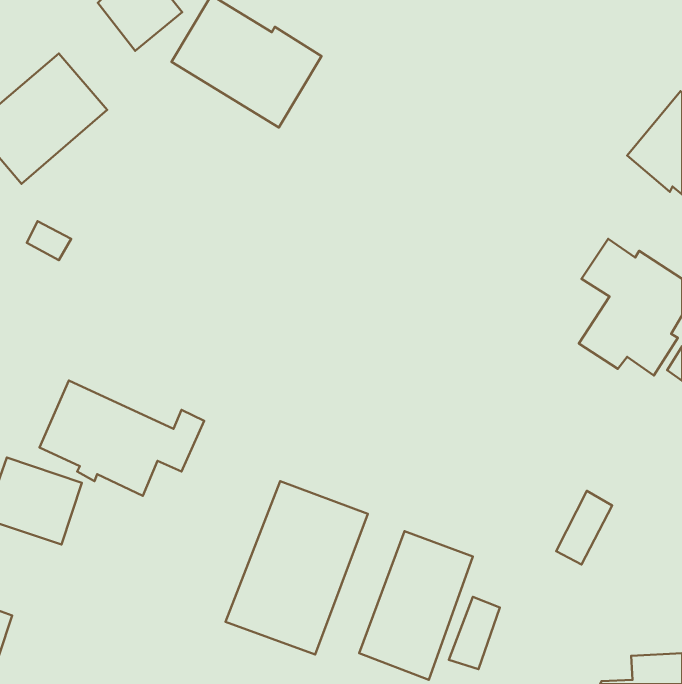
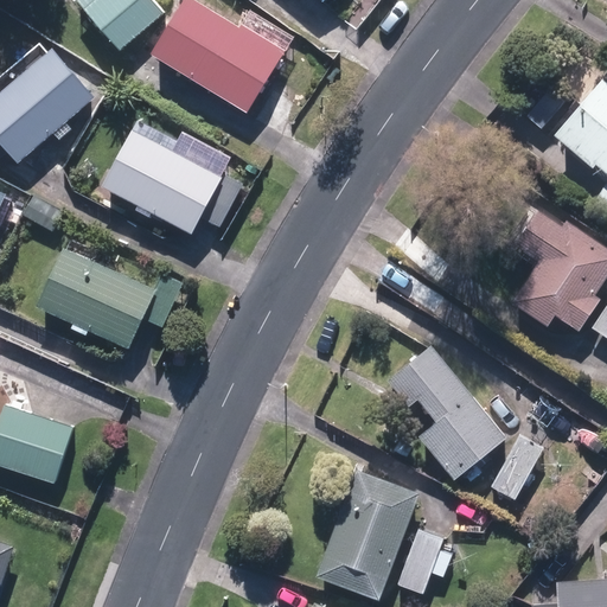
building: none -> [104,120,242,235]
building: [40,380,204,496] -> [38,248,184,350]
building: none -> [389,346,506,481]
building: [225,481,368,654] -> none

